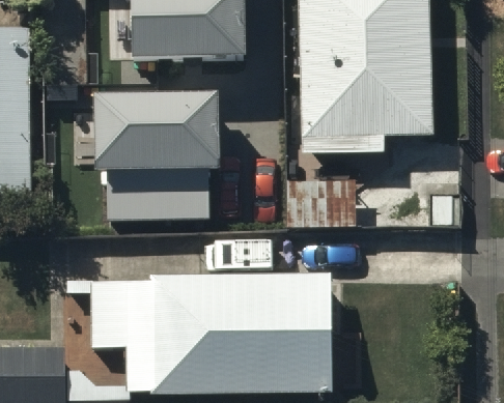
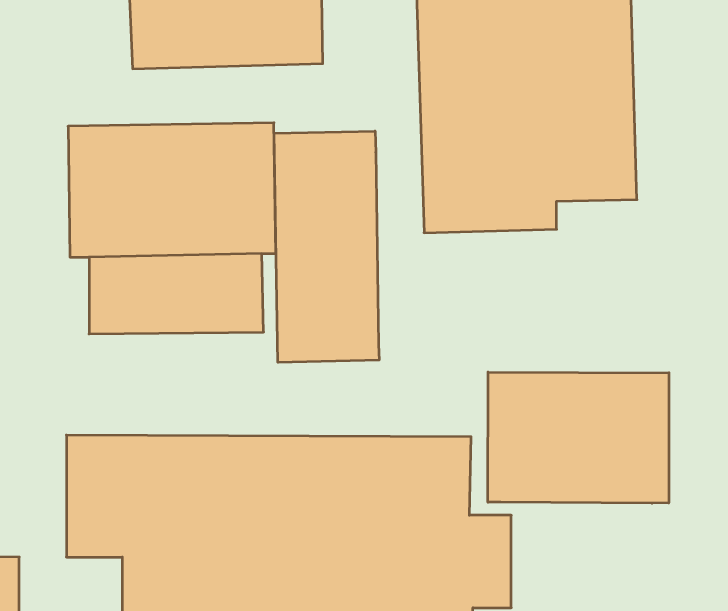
building: none -> [274,131,379,362]
building: none -> [488,372,669,503]

